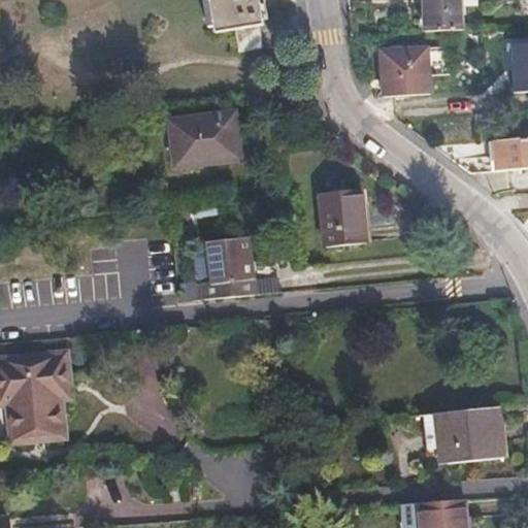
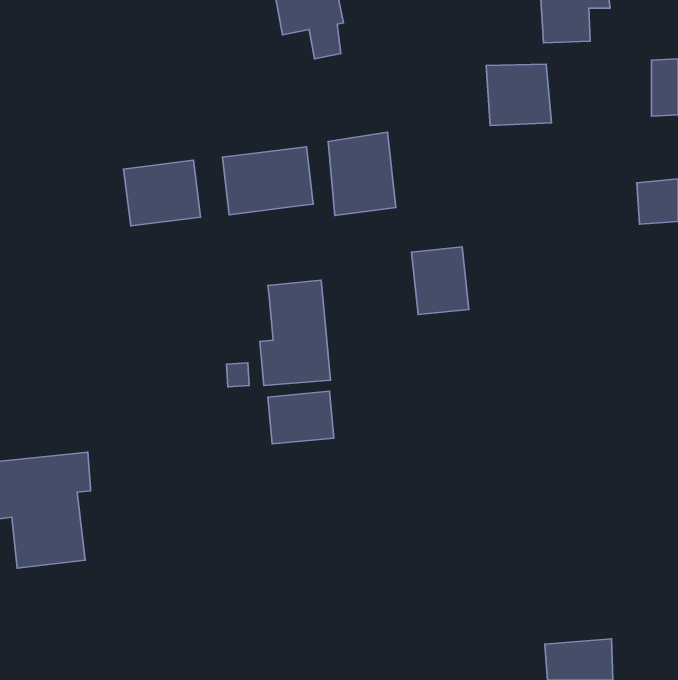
building: none -> [328,132,396,215]
building: none -> [124,160,201,226]
building: none -> [268,391,334,444]
building: [435,403,503,462] -> none

